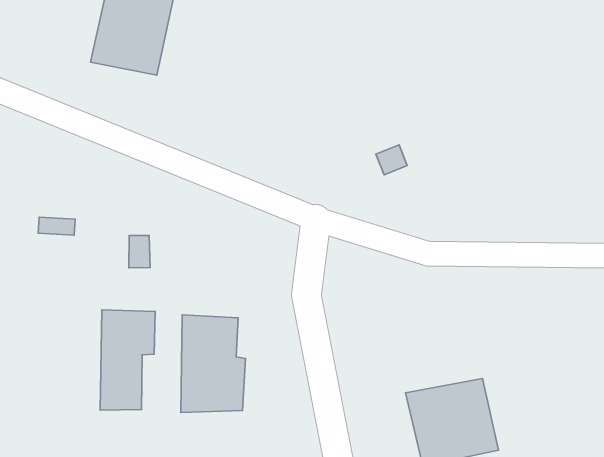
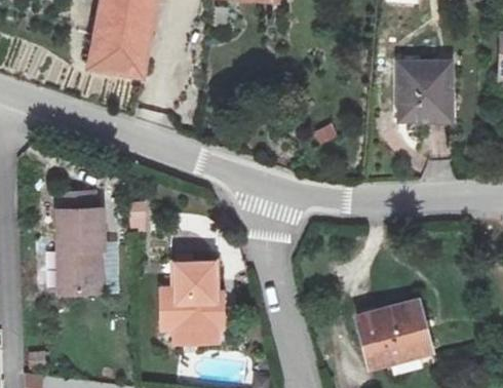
building: none -> [411,69,463,128]
building: [100,310,155,410] -> [59,215,101,293]

